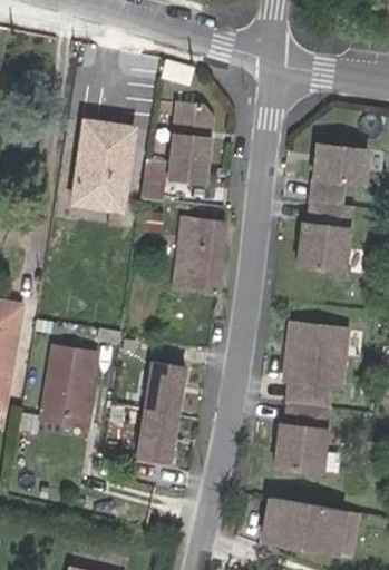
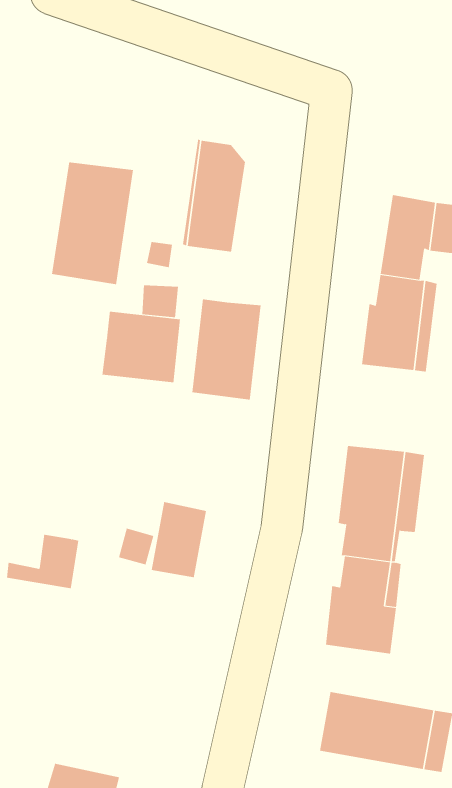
building: none -> [102,311,181,383]
building: [42,347,95,411] -> none
building: [135,412,176,466] -> none

